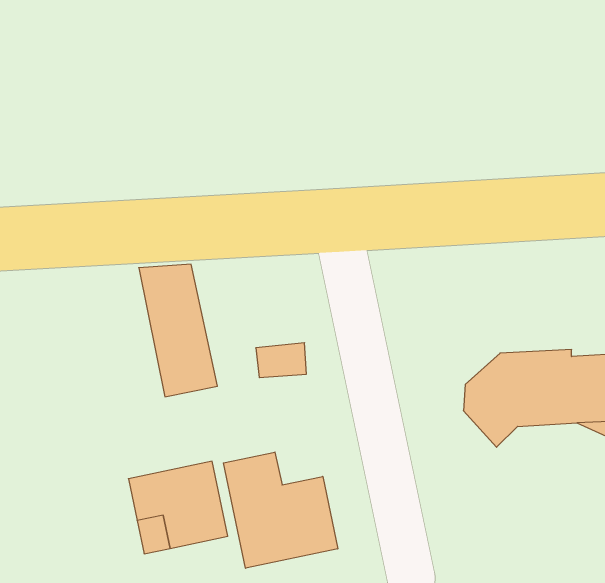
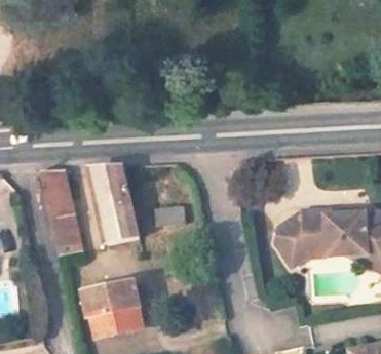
building: none -> [36,165,77,250]
building: [223,452,338,568] -> none

